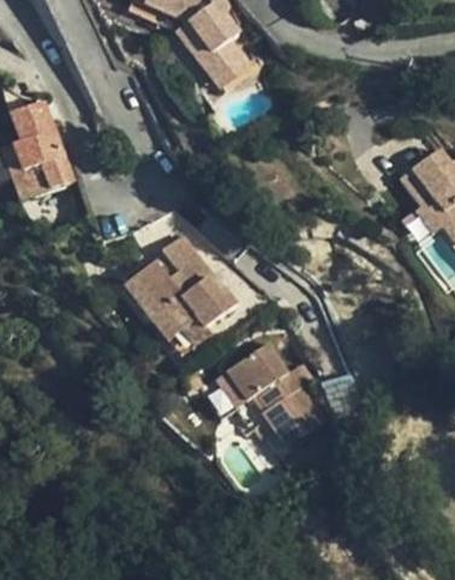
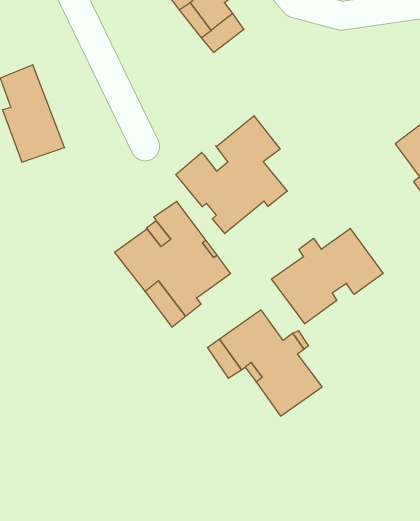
building: none -> [176,116,287,234]
building: none -> [272,228,383,324]

